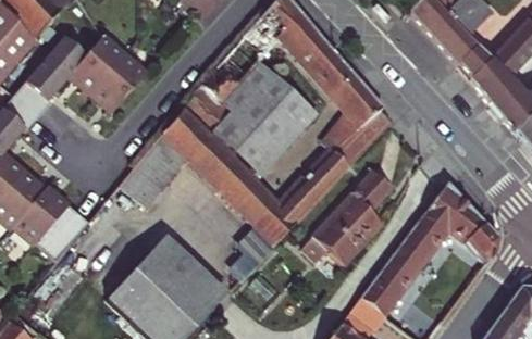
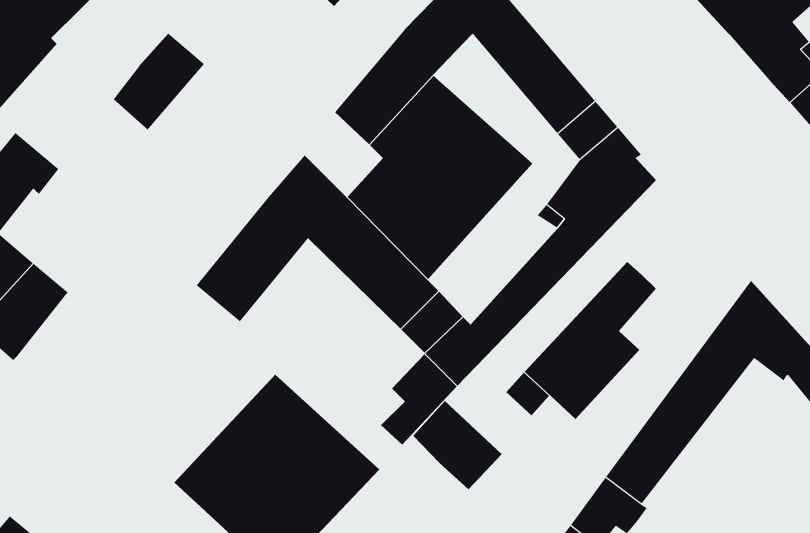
building: [13,37,86,116] -> none
building: [91,54,146,112] -> none
building: [184,83,230,133] -> none
building: [15,187,88,261] -> none
building: none -> [413,400,503,490]

